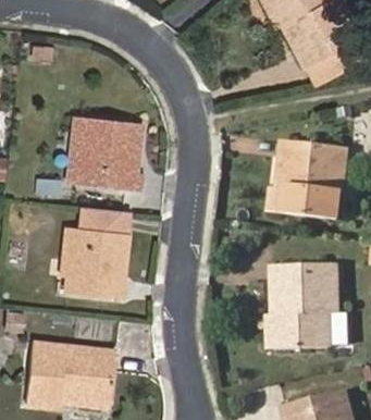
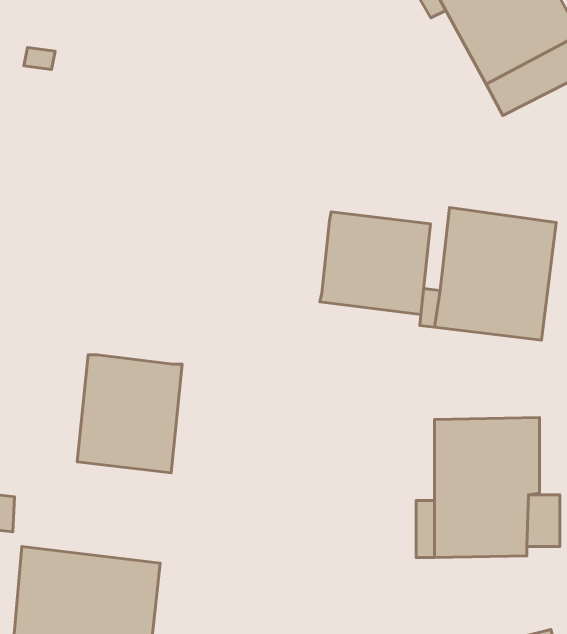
building: [75,116,137,189] -> none
building: none -> [320,212,431,314]
building: [75,207,123,233] -> none

